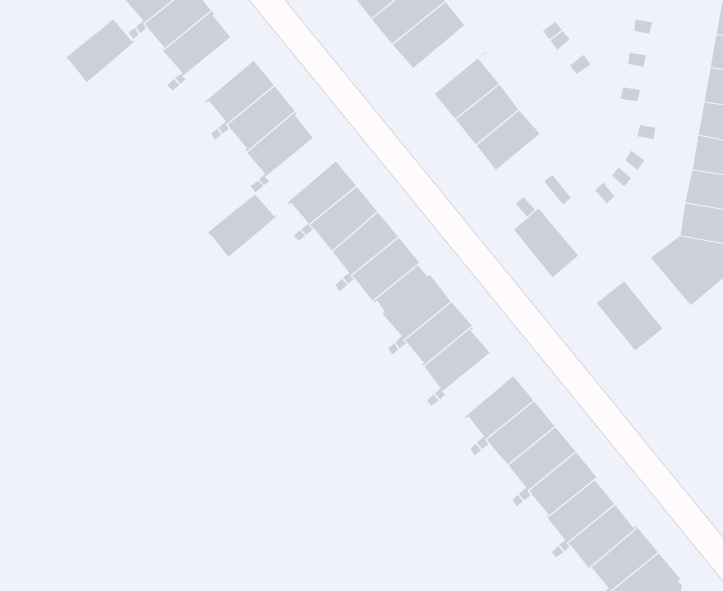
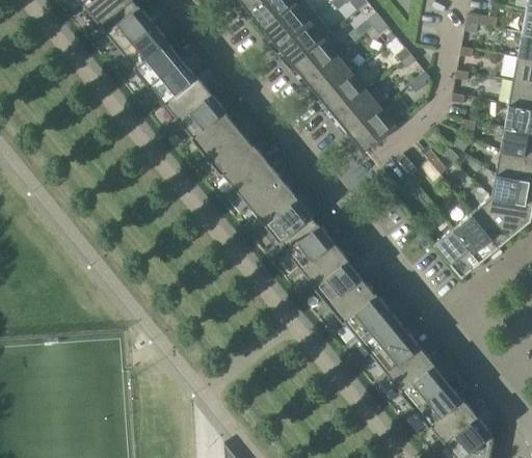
building: [65,19,136,83] -> [149,59,197,104]
building: none -> [308,51,358,99]
building: [207,193,278,258] -> [206,129,255,173]
building: [513,207,579,278] -> [454,212,500,261]
building: none -> [328,277,377,322]

